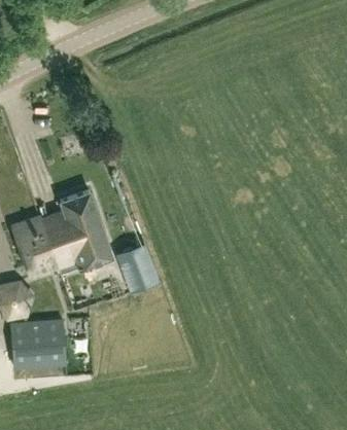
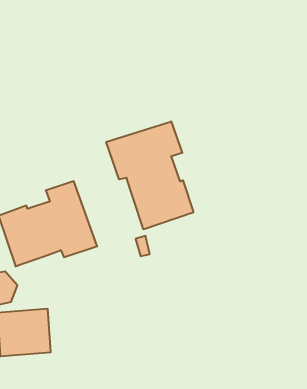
building: none -> [106,121,193,229]
building: [115,241,160,292] -> none

